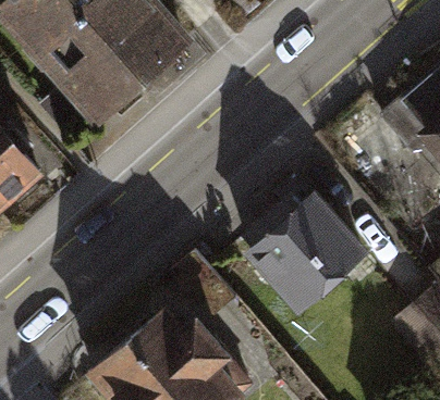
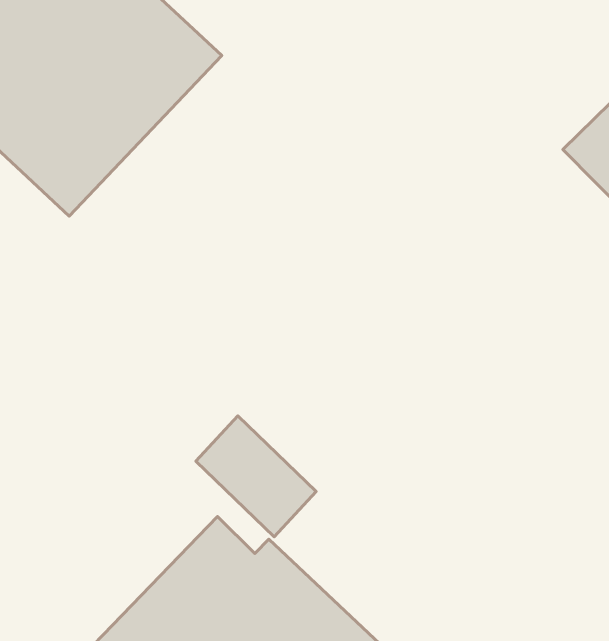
building: [236,197,365,312] -> none

